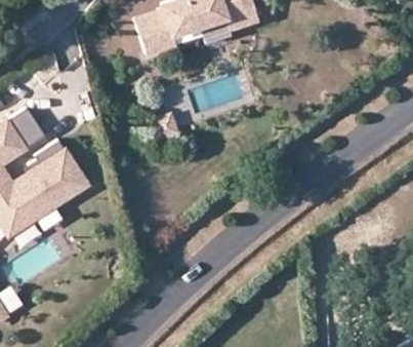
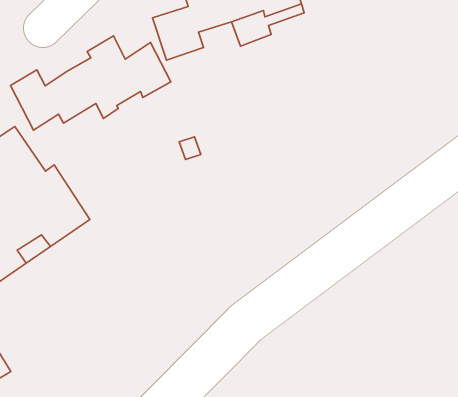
building: none -> [10,36,171,130]

